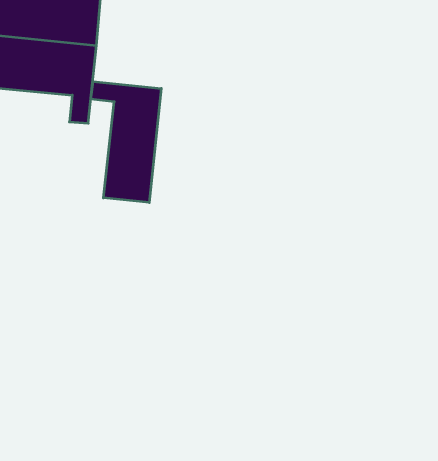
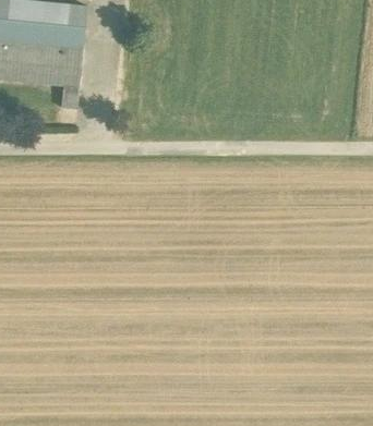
building: [91,82,161,203] -> none

